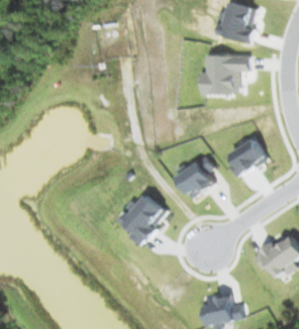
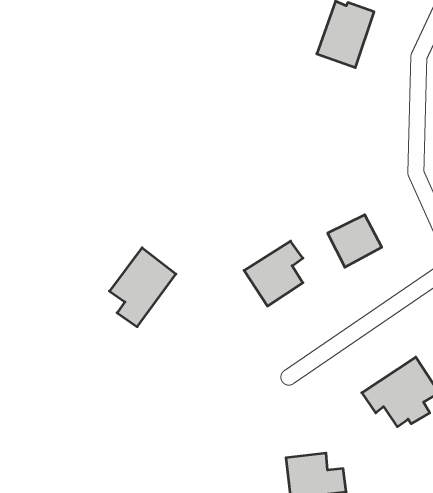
building: [200,52,248,95] -> none
building: [123,195,167,246] -> [109,248,176,327]

